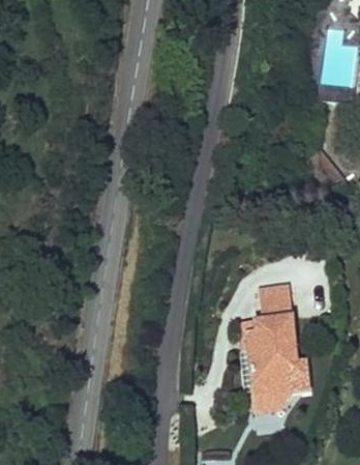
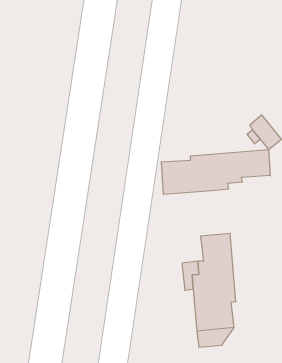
building: none -> [161,149,270,195]

